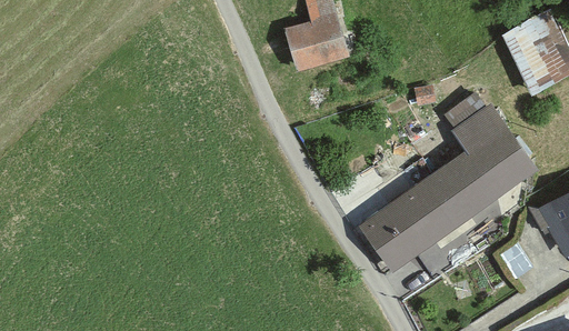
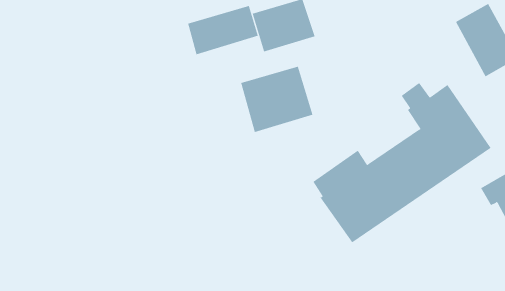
building: none -> [188,5,259,55]
building: none -> [240,66,313,133]

